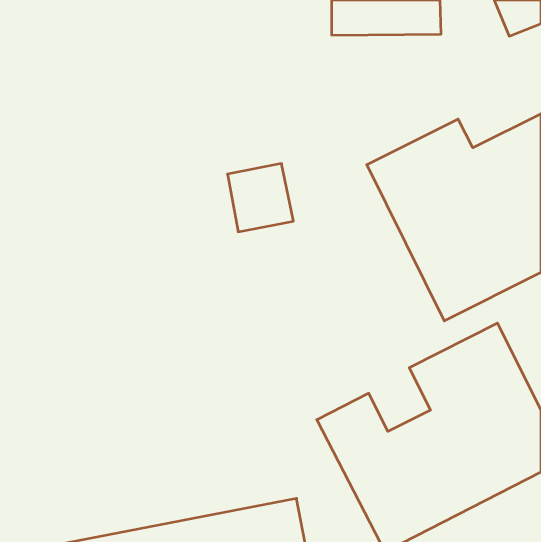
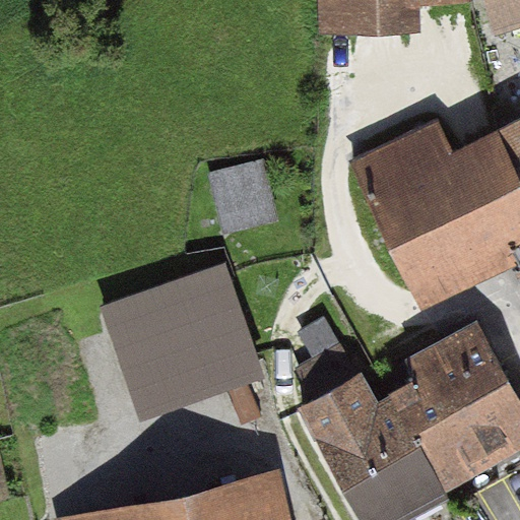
building: none -> [101,265,266,424]

